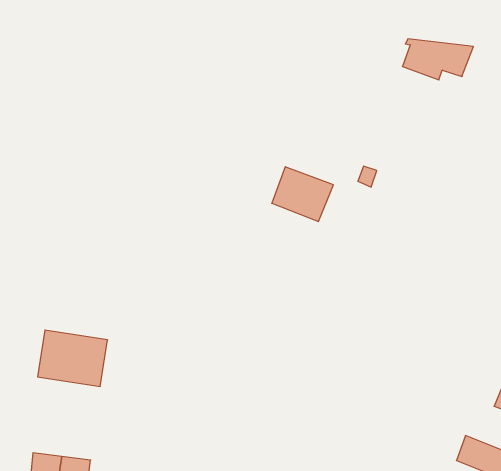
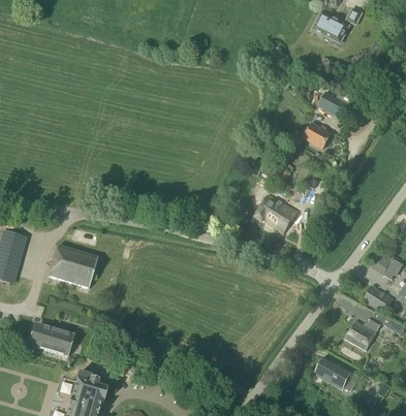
building: none -> [303,122,331,148]
building: [272,167,333,222] -> [254,193,296,232]

